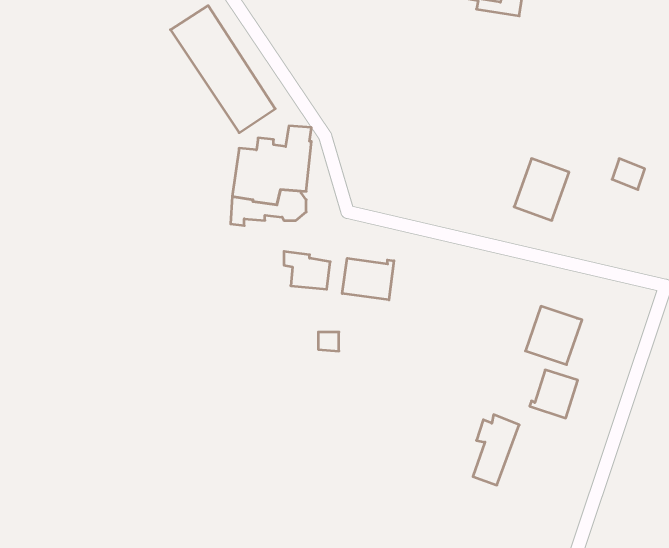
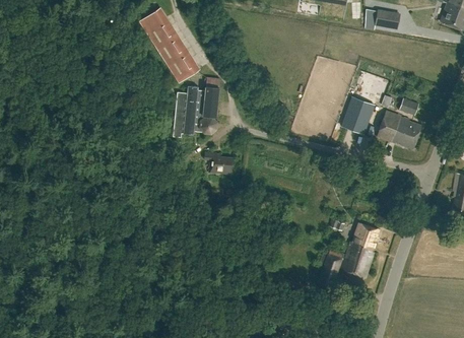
building: none -> [374,8,400,29]
building: none -> [378,112,422,149]
building: [342,258,394,300] -> none
building: [525,306,582,365] -> [341,244,375,278]

